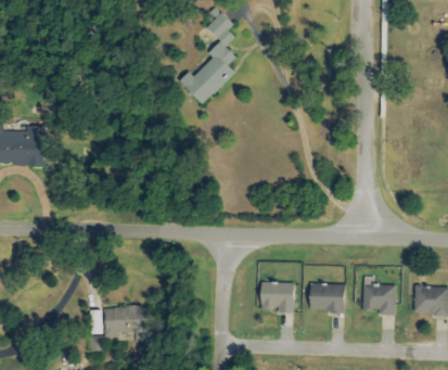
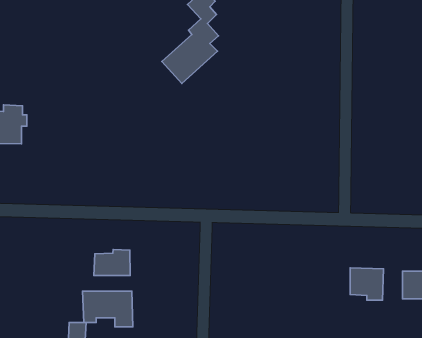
building: none -> [94,250,130,276]
building: [259,281,294,312] -> none
building: [308,283,345,311] -> none

